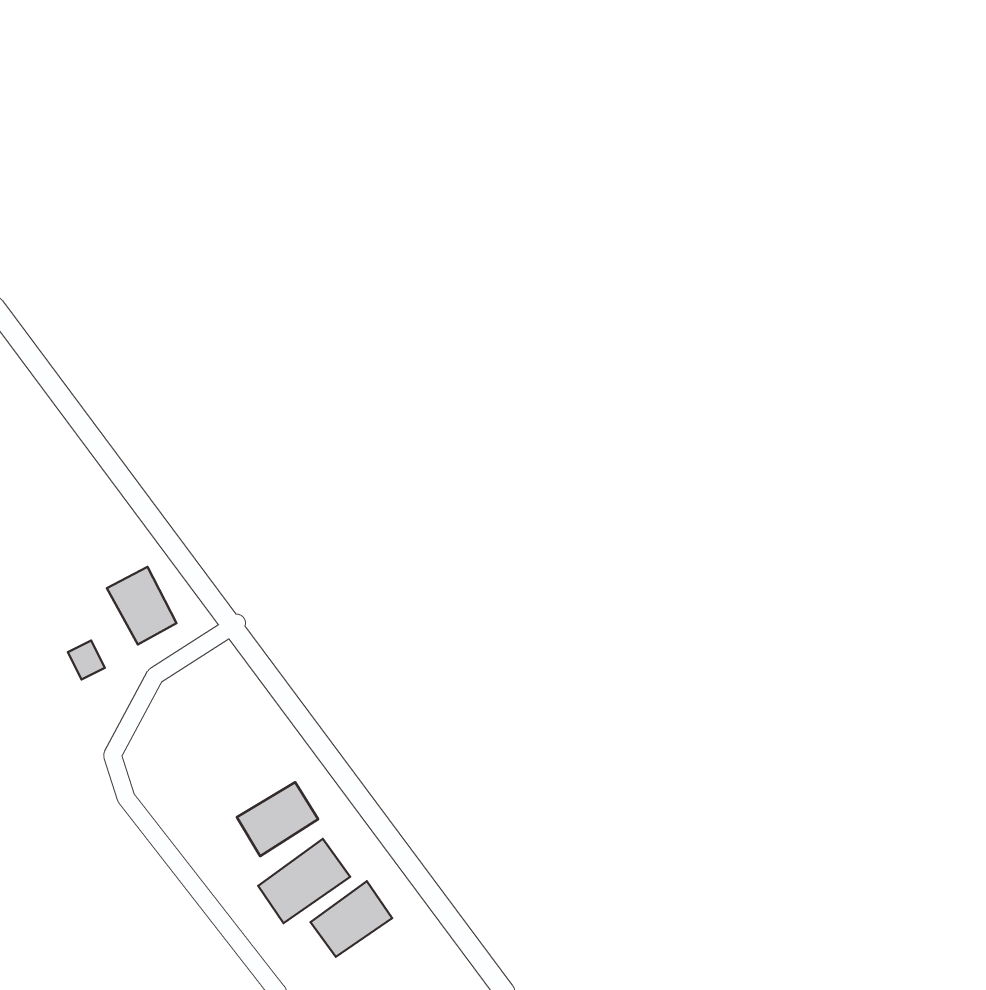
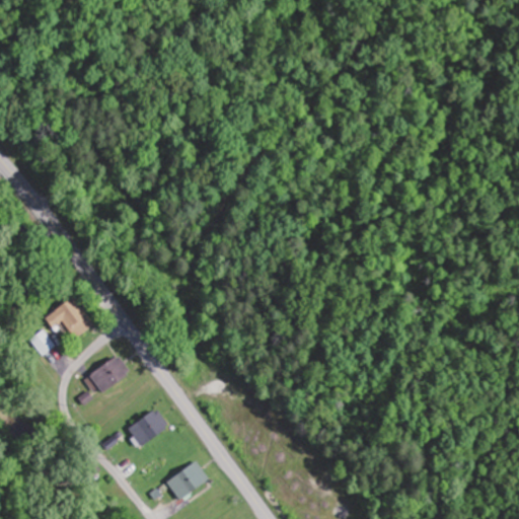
building: none -> [85,358,133,394]
building: [258,839,350,923] -> none

